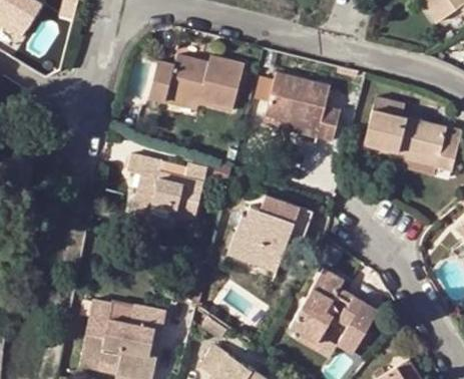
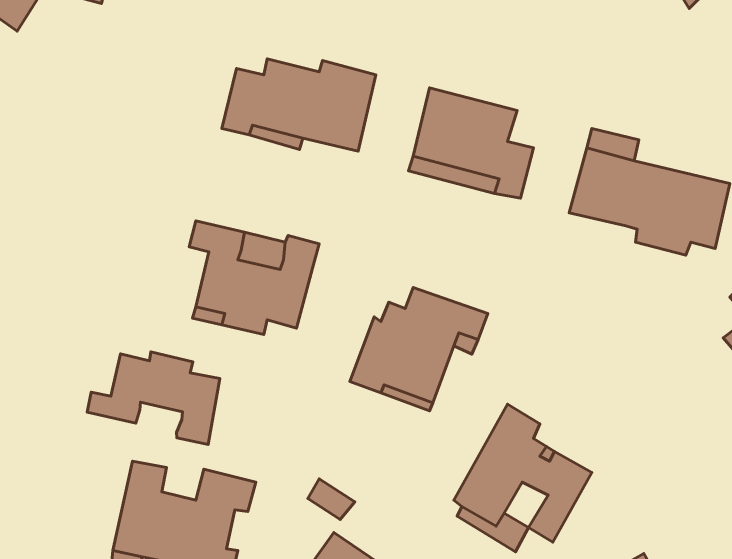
building: none -> [87,352,220,444]

